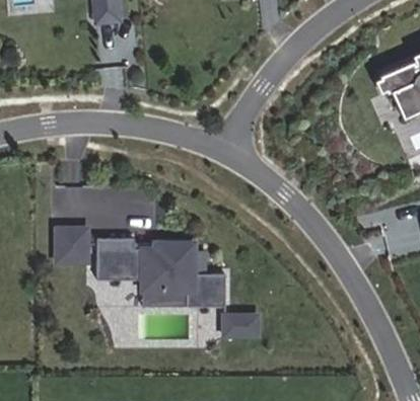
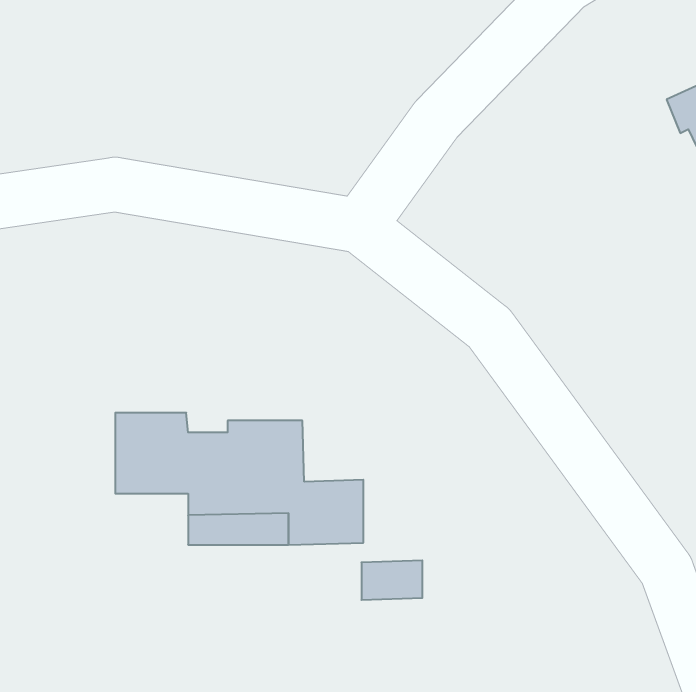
building: [56,229,86,262] -> none

